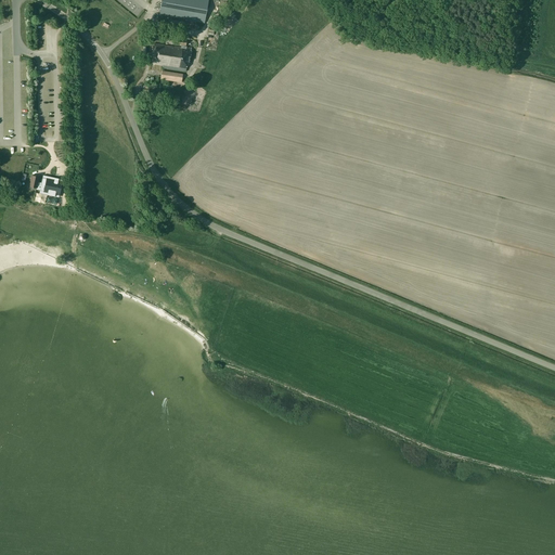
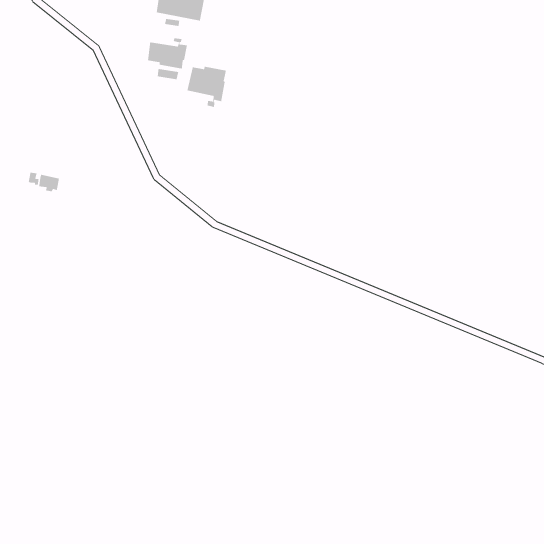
building: none -> [186,66,227,108]

